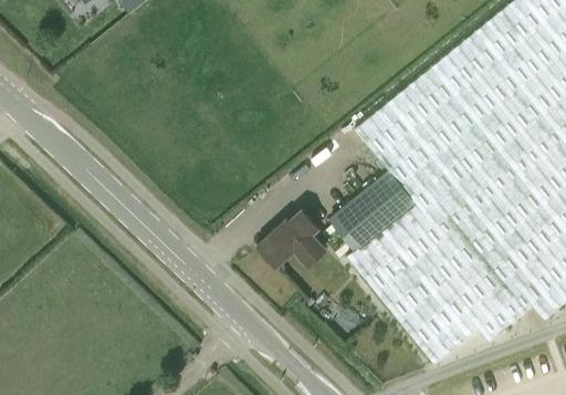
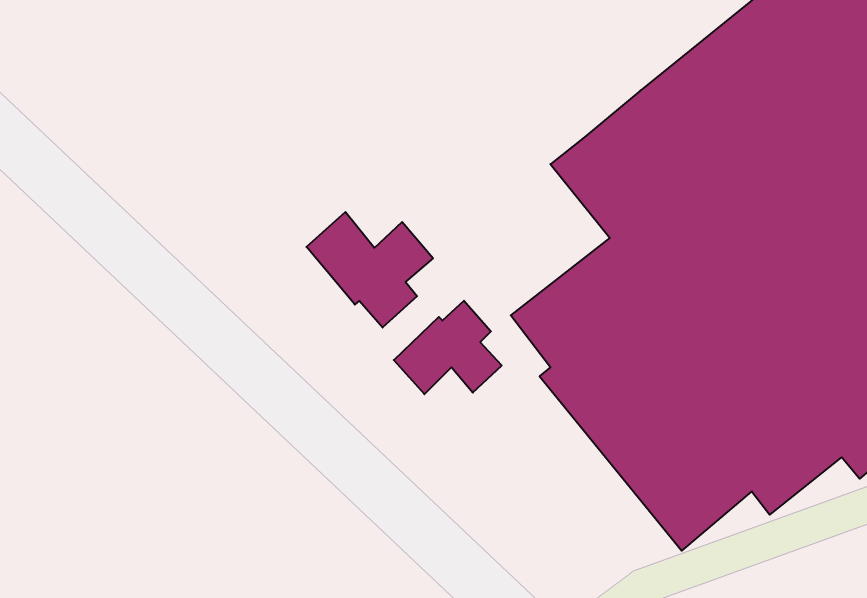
building: none -> [306,212,433,328]

